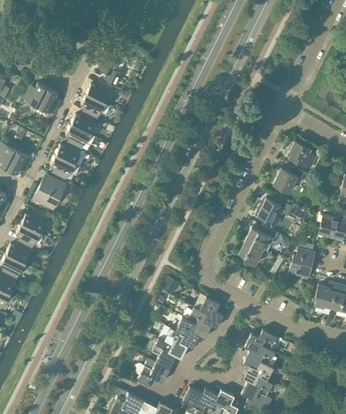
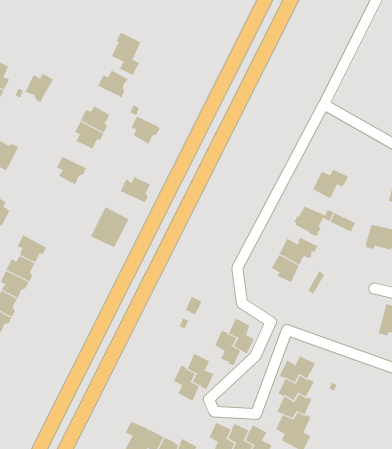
building: [37,87,61,113] -> none
building: [81,93,107,118] -> [131,116,161,145]
building: [290,139,318,168] -> none
building: [55,141,82,164] -> [120,176,151,203]
building: [7,146,32,172] -> none
building: [33,173,67,210] -> [90,206,129,248]
building: [21,210,48,234] -> none
building: [291,240,315,277] -> none
building: [315,282,338,309] -> none
building: [177,316,201,348] -> none
building: [138,357,169,385] -> none

